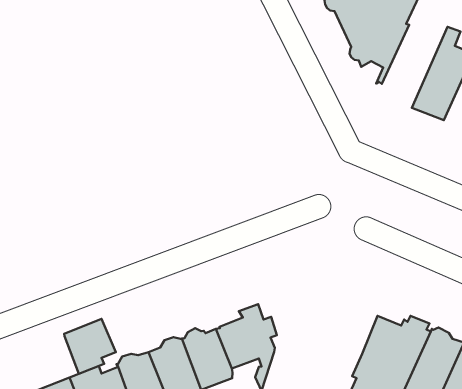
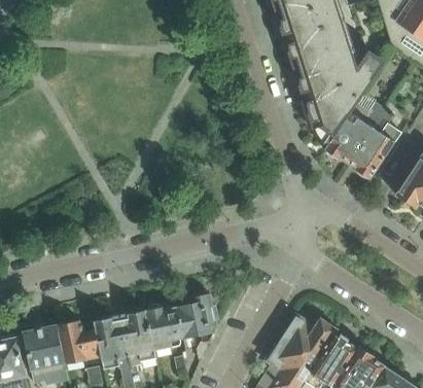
building: none -> [325,102,385,164]
building: [64,319,116,374] -> none

